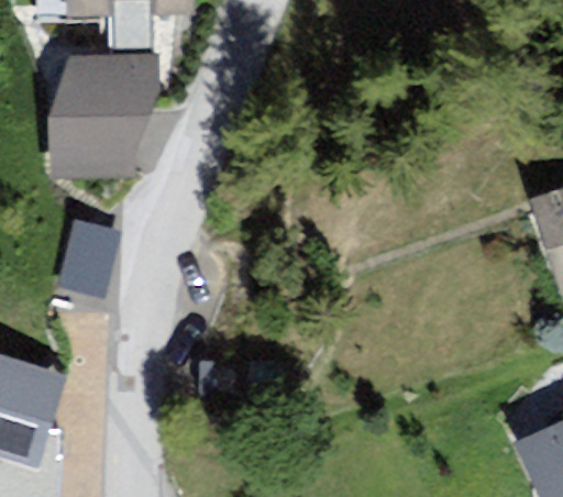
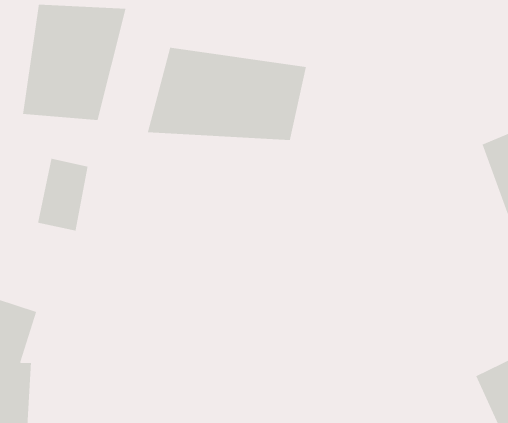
building: none -> [147,47,307,141]

